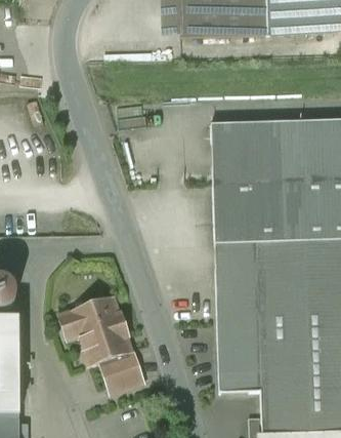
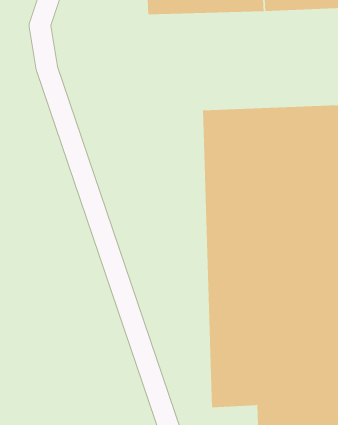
building: [57,294,143,387] -> none

